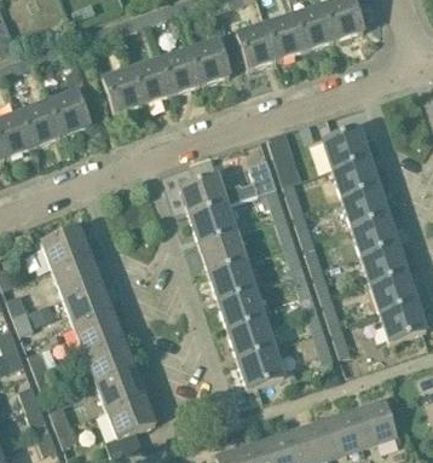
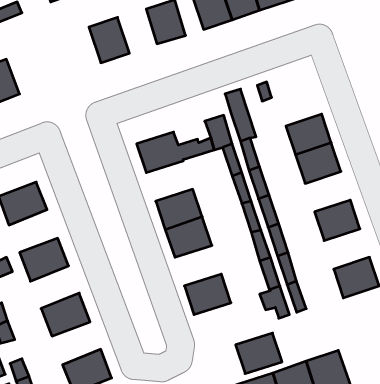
building: [160,50,200,94] -> none
building: [102,68,143,114] -> none
building: [47,89,90,135] -> none
building: [321,127,366,168] -> none
building: [189,203,236,244] -> none
building: [350,214,396,255] -> none
building: [50,253,99,296] -> none
building: [369,272,415,313] -> none
building: [218,289,265,330] -> none
building: [71,309,121,353] -> none
building: [237,347,284,388] -> [236,333,282,374]
building: [93,366,143,410] -> none

